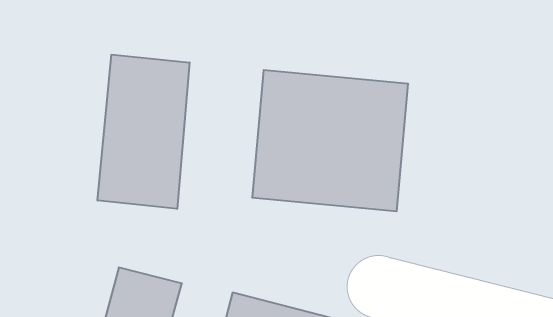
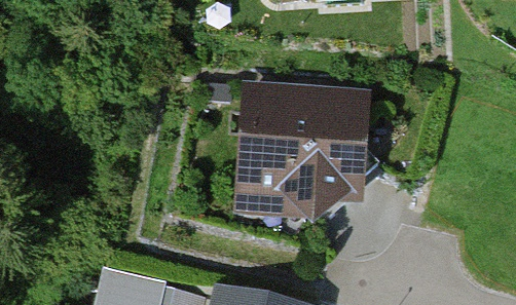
building: [98,55,190,209] -> none

